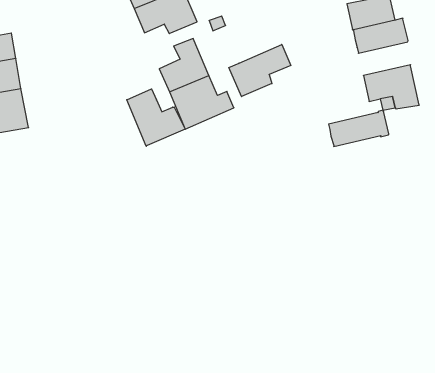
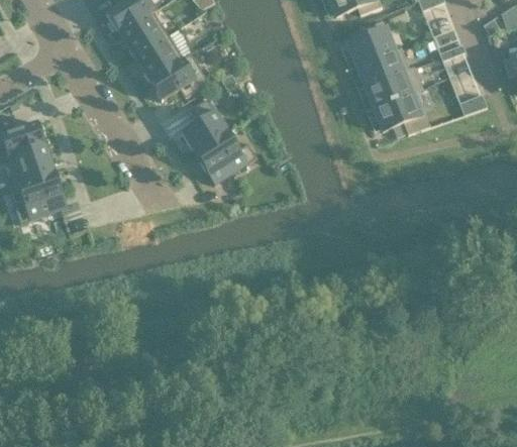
building: [229,44,291,97] -> none
building: [127,89,185,146] -> none
building: [329,110,389,146] -> [364,66,421,107]

